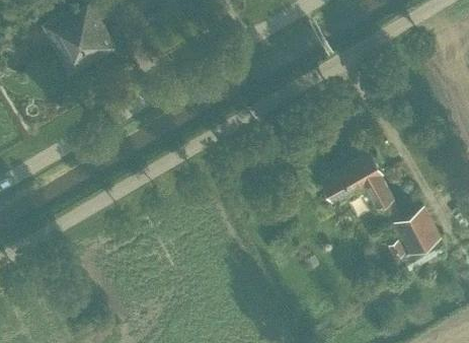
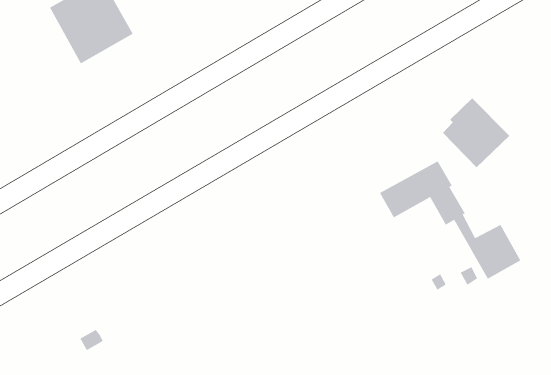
building: none -> [442,98,510,168]

